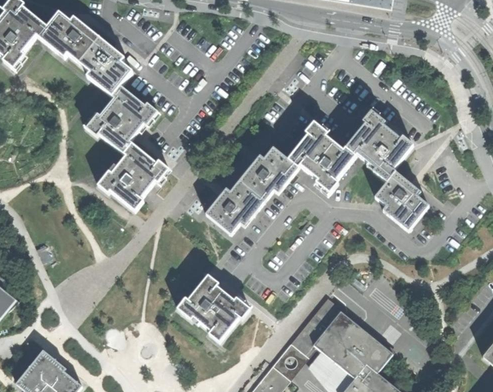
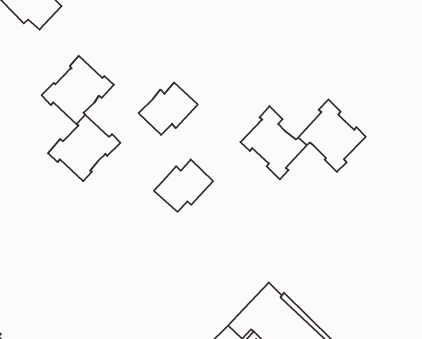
building: [80,37,133,96] -> none
building: [240,146,298,199] -> [139,83,198,135]
building: [374,170,428,229] -> none
building: [177,274,250,341] -> none

